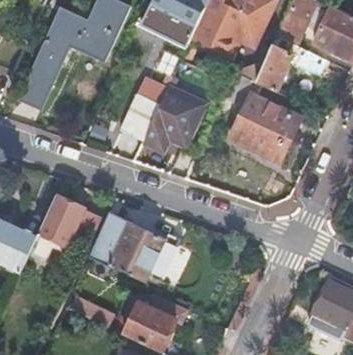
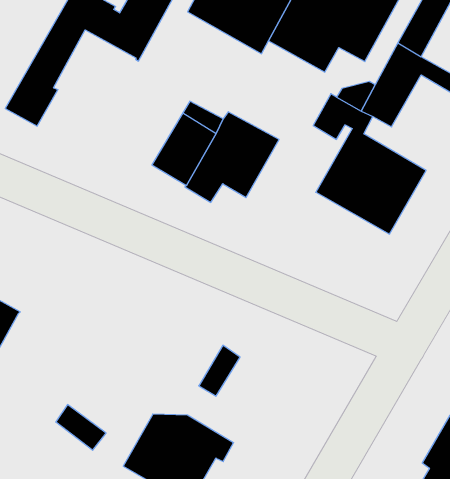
building: [39,196,85,247] -> none
building: [90,212,165,279] -> none

